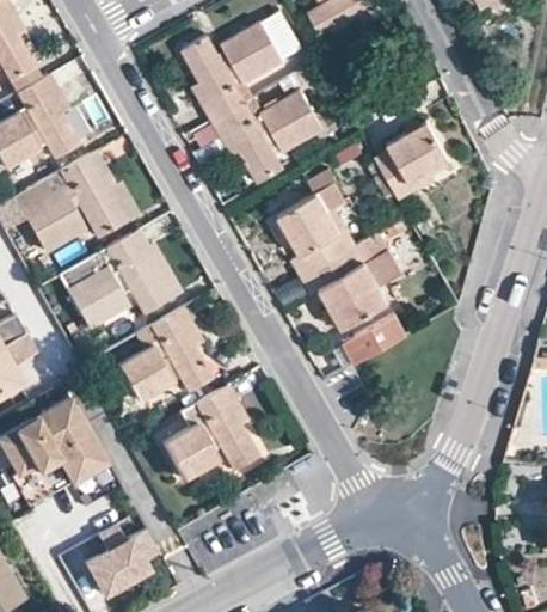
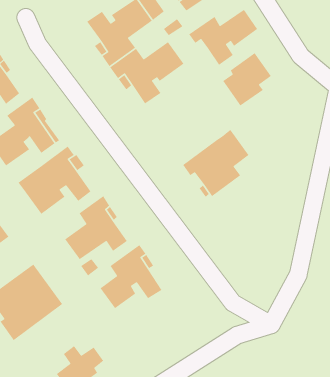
building: none -> [188,9,258,66]
building: [279,184,356,275] -> none
building: [343,313,407,363] -> none

